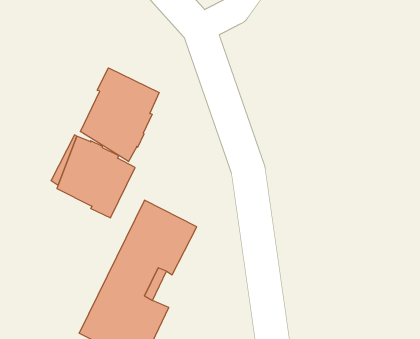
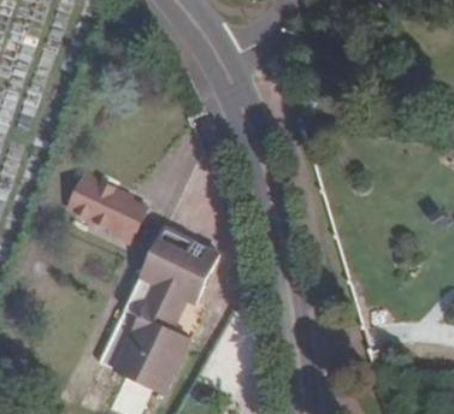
building: [80,68,159,162] -> none

